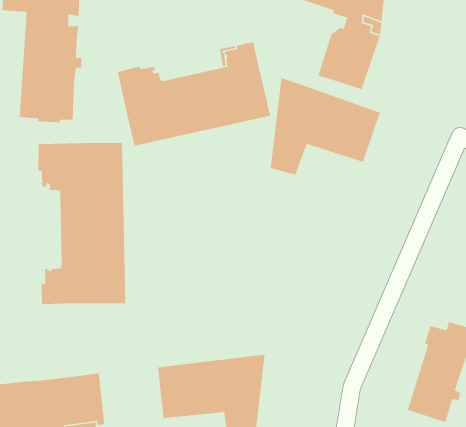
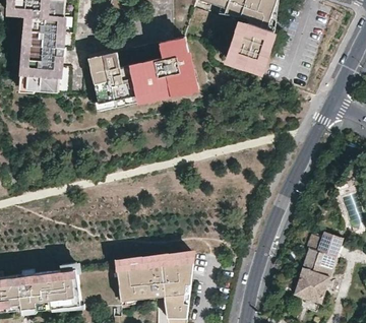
building: [270,77,381,176] -> none
building: [38,142,126,305] -> none

